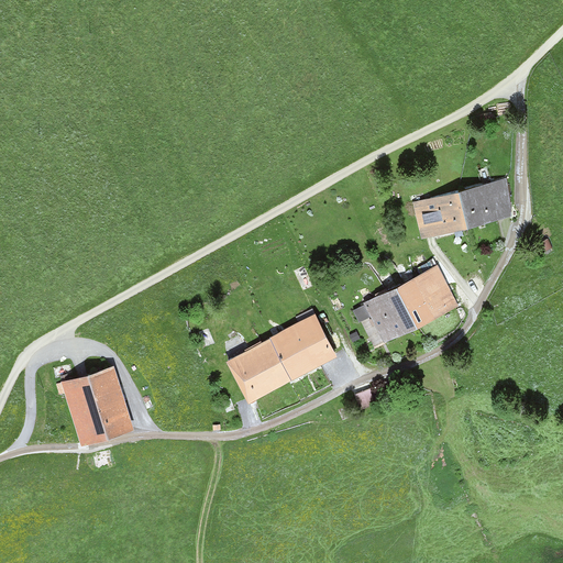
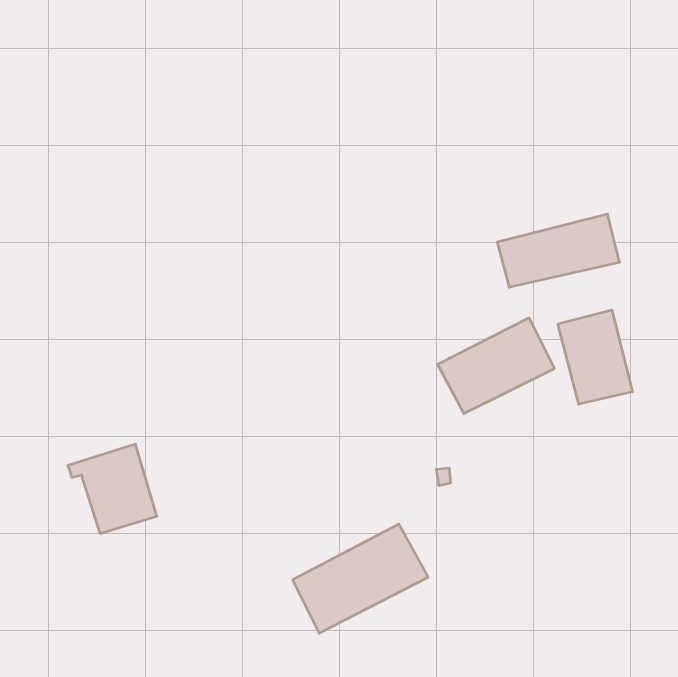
building: none -> [558,310,633,404]
building: [225,313,338,404] -> [293,524,428,633]

